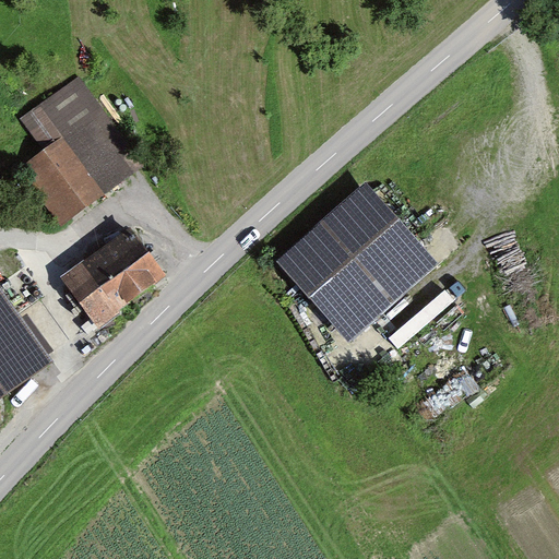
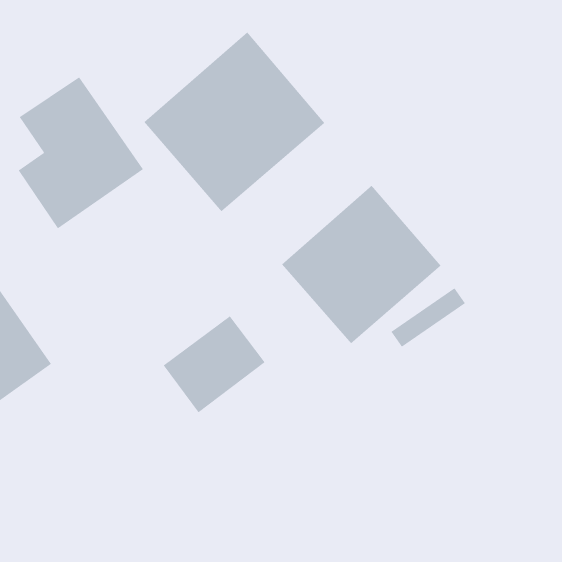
building: none -> [143,32,325,212]
building: [63,228,165,324] -> [163,316,266,413]

